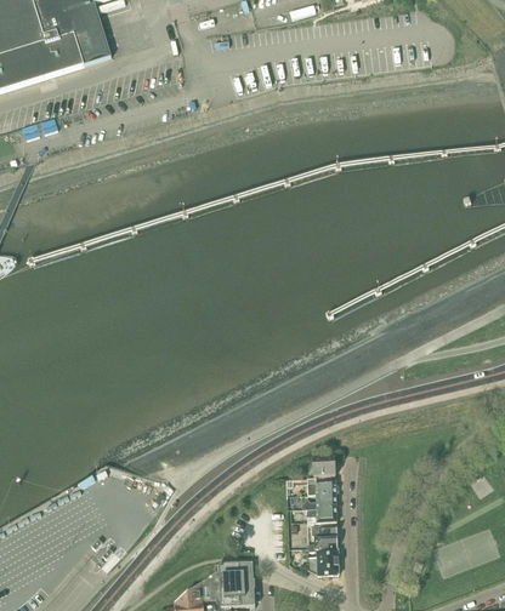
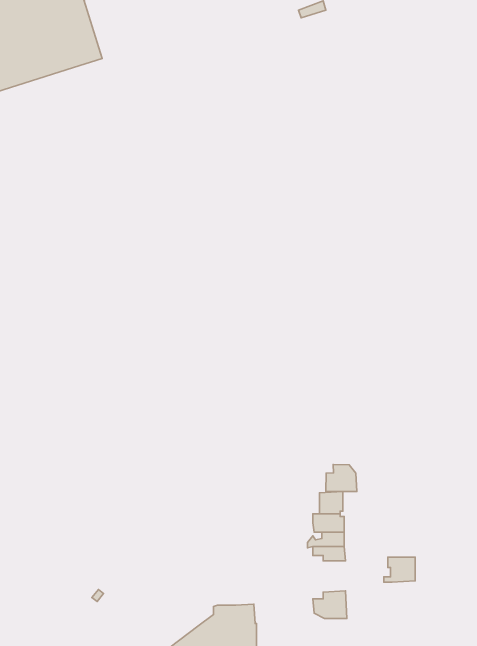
building: none -> [326,464,357,492]
building: [308,524,337,547] -> [384,557,415,582]

